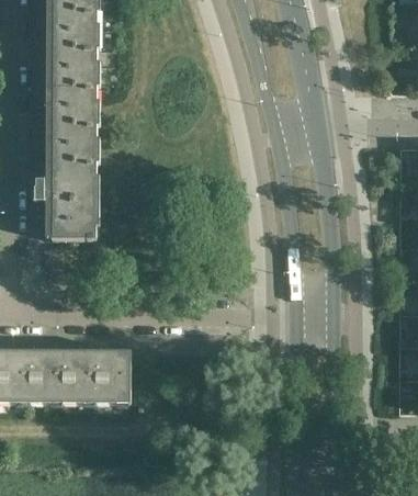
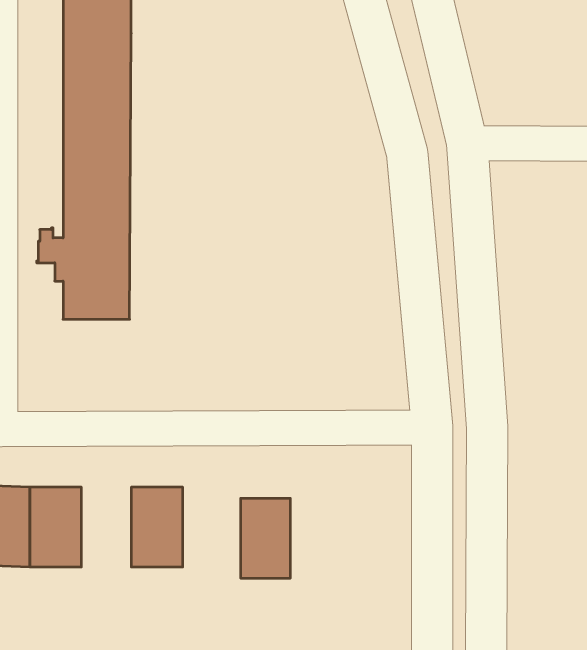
building: [61,349,94,402] -> [241,498,290,578]

